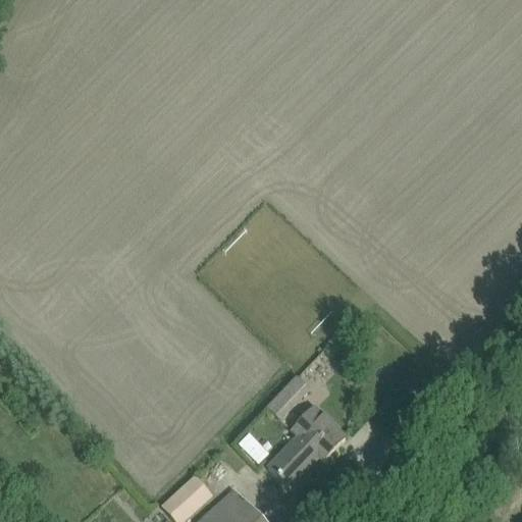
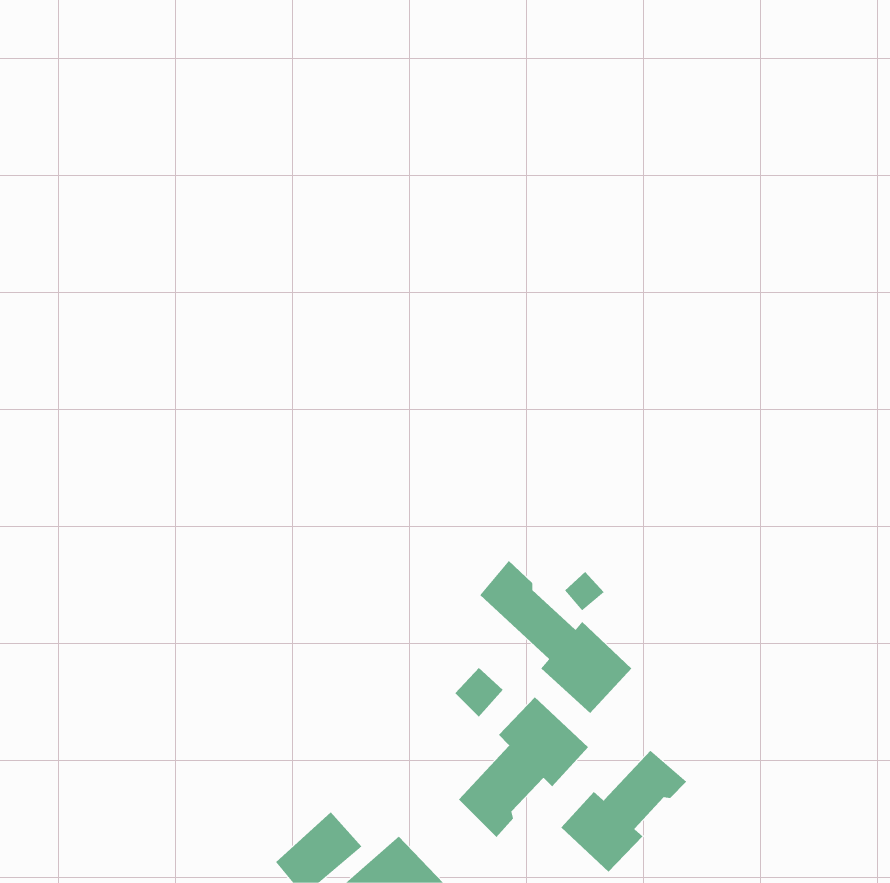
building: none -> [480,560,632,714]
building: none -> [560,750,687,873]

